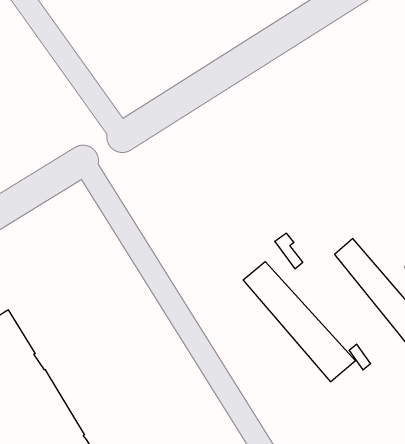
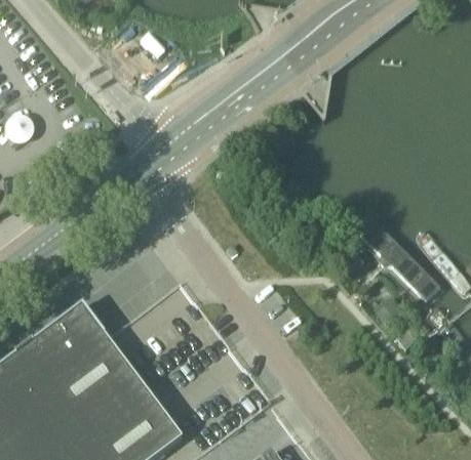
building: [243,262,356,382] -> none

